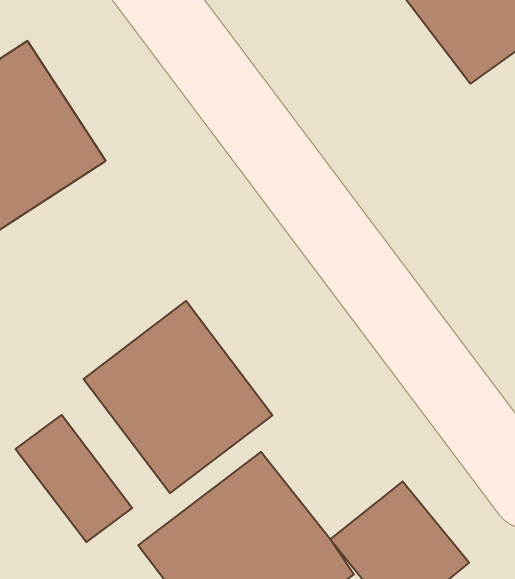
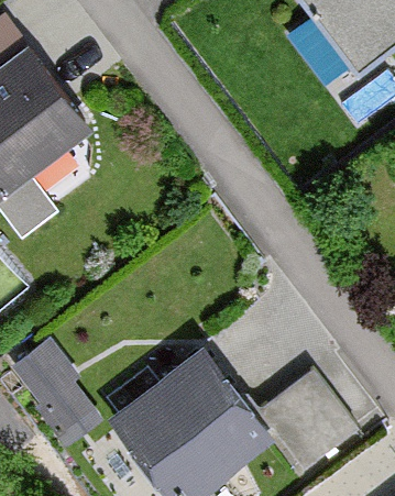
building: [84,301,272,493] -> none

